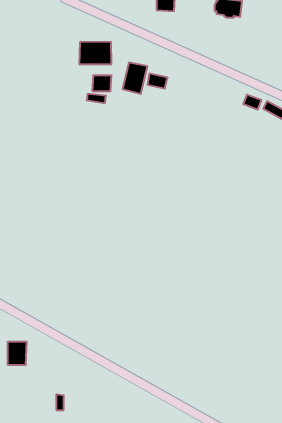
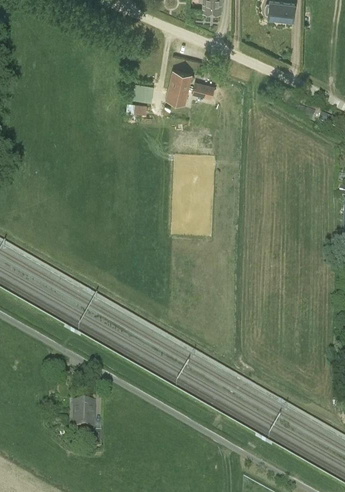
building: [80,42,111,65] -> none
building: [8,342,27,365] -> [74,402,95,427]

